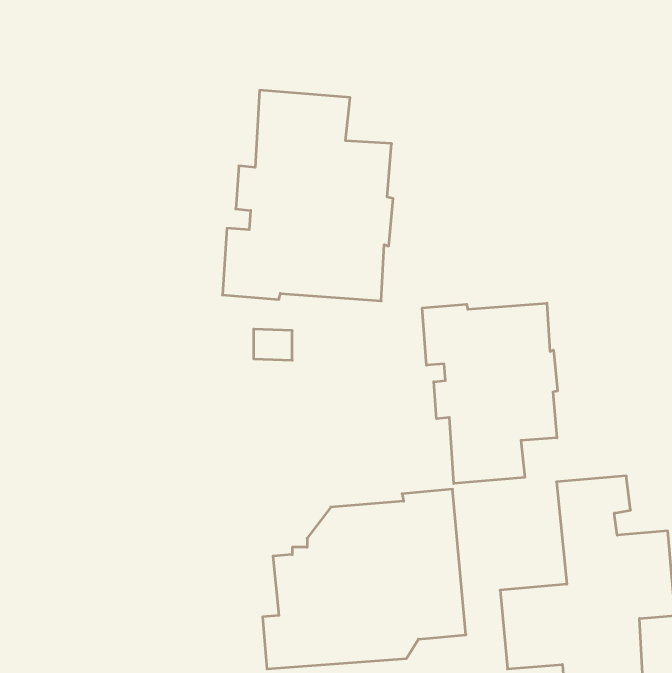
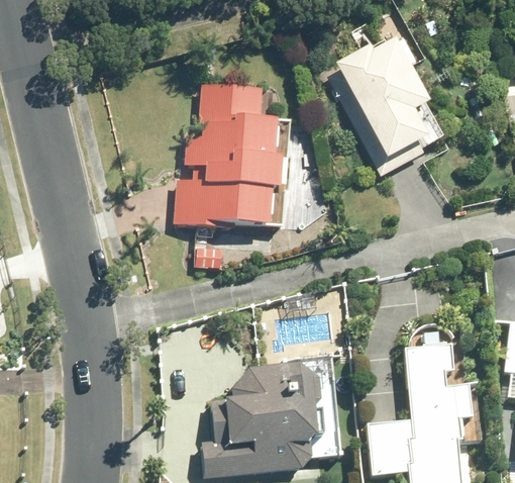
building: none -> [331,36,427,174]
building: [422,303,557,484] -> none

